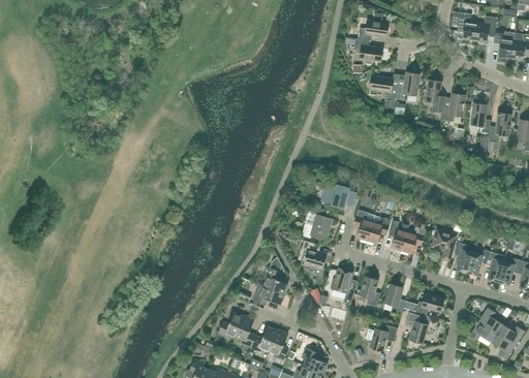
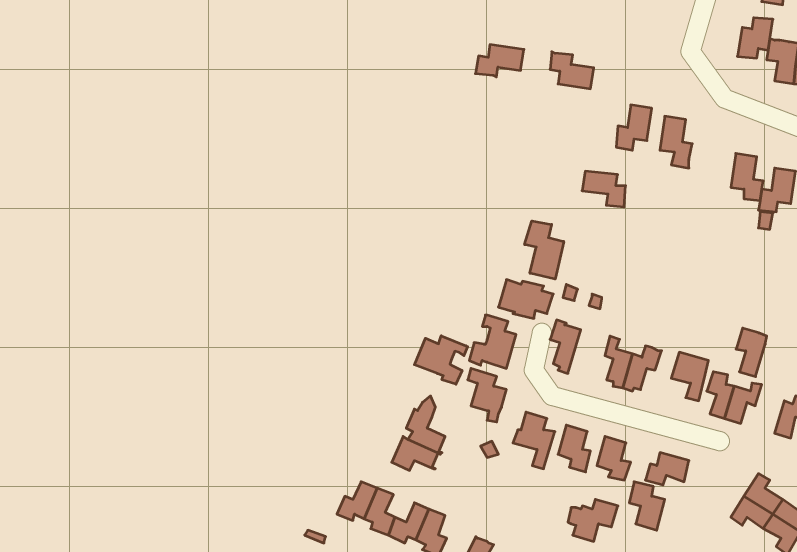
building: [457,12,477,41] -> none
building: [357,21,388,41] -> [475,45,524,77]
building: [370,76,398,99] -> [582,171,626,207]
building: [442,94,465,122] -> none
building: none -> [525,221,564,279]
building: [366,215,391,246] -> none
building: none -> [414,336,468,384]
building: [486,251,505,282] -> [736,328,767,377]

